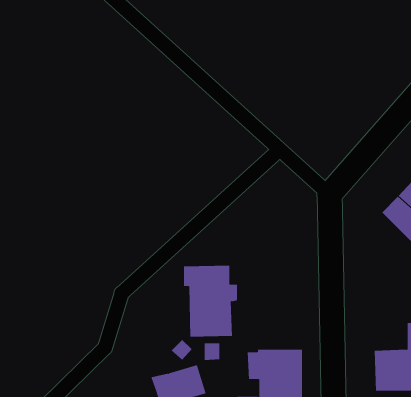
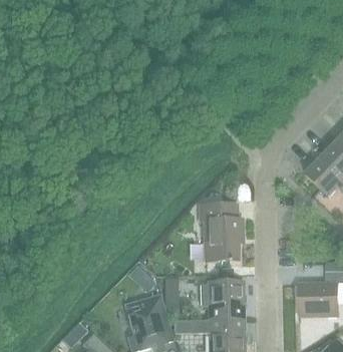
building: [183,265,238,337] -> [199,204,242,261]

